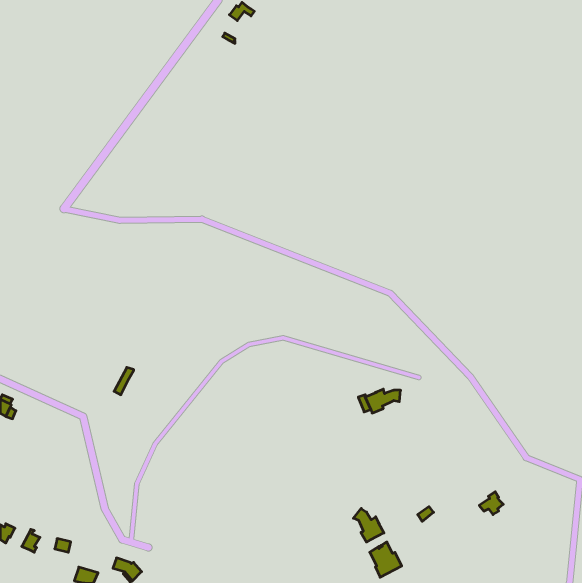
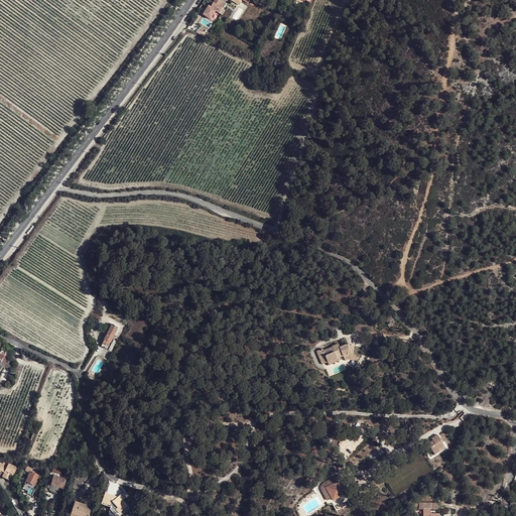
building: [353,508,384,542] -> none

